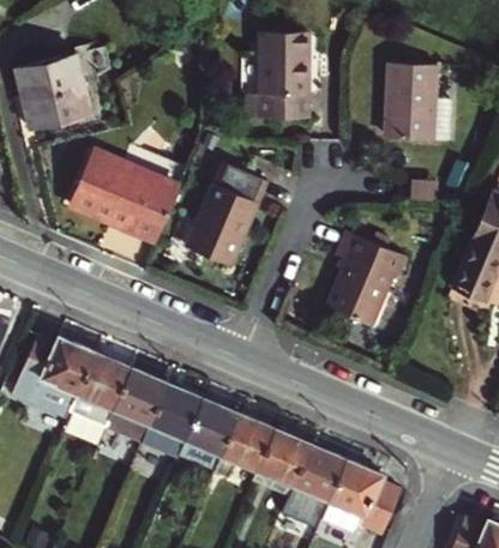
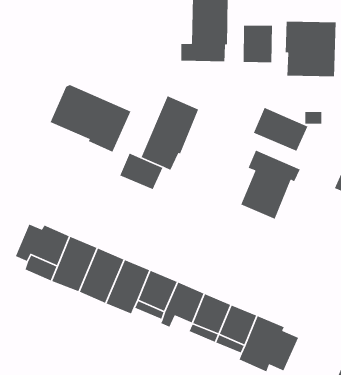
building: [19,53,94,126] -> none
building: none -> [243,25,273,63]
building: none -> [253,107,309,152]
building: none -> [119,153,163,190]

